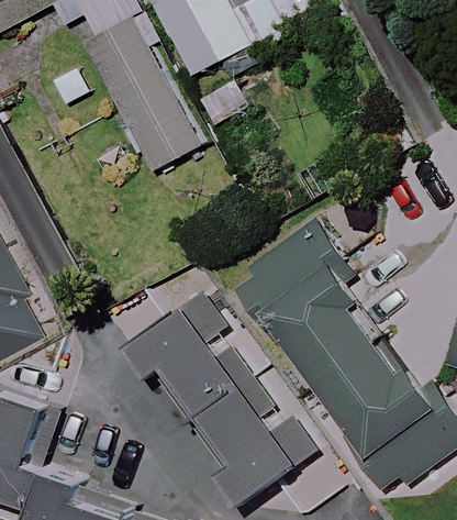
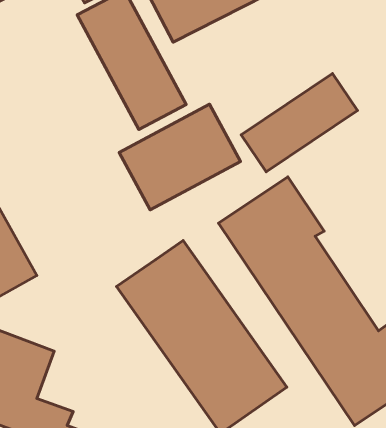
building: none -> [241,73,358,172]
building: none -> [119,104,241,210]

